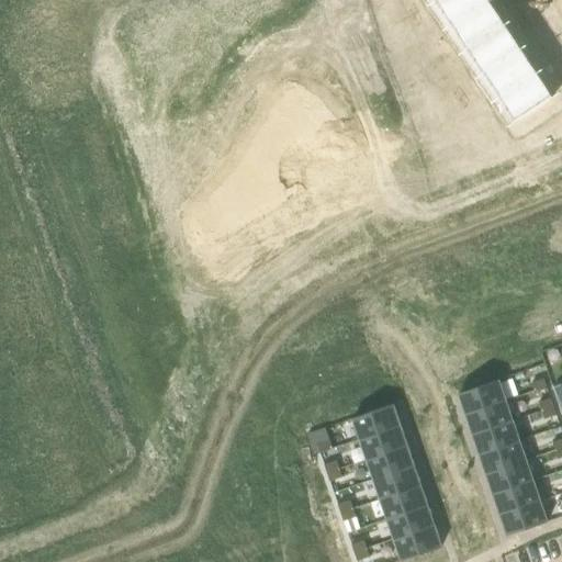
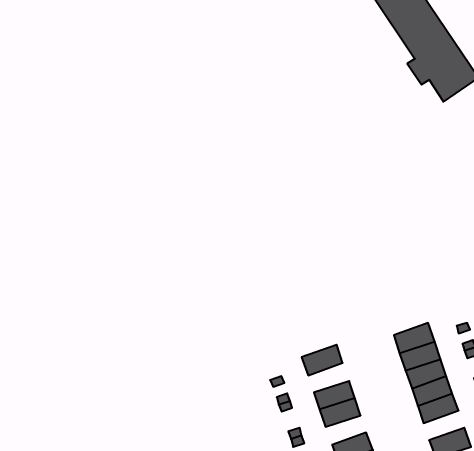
building: [360,425,407,459] -> none
building: [493,480,540,514] -> none
building: [380,485,427,519] -> none

